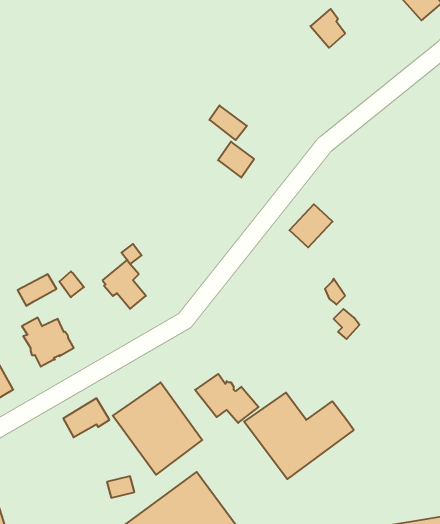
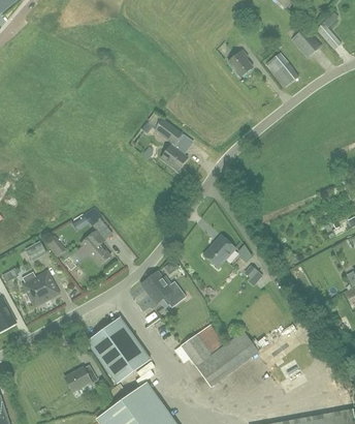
building: none -> [266,53,298,87]
building: [289,204,333,247] -> [203,236,234,267]
building: [195,374,259,423] -> [140,272,186,307]
building: [63,398,109,437] -> [64,363,97,391]

